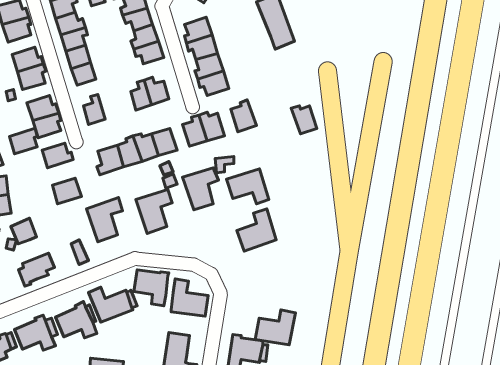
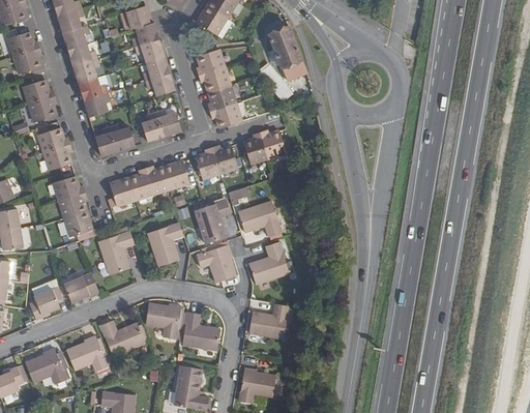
building: none -> [109,123,135,151]
building: [291,106,317,134] -> [259,129,285,157]
building: [9,128,37,154] -> [58,191,86,217]
building: none -> [196,243,235,282]
building: [11,218,37,244] -> [63,276,89,302]
building: [255,310,295,345] -> [248,302,289,337]

